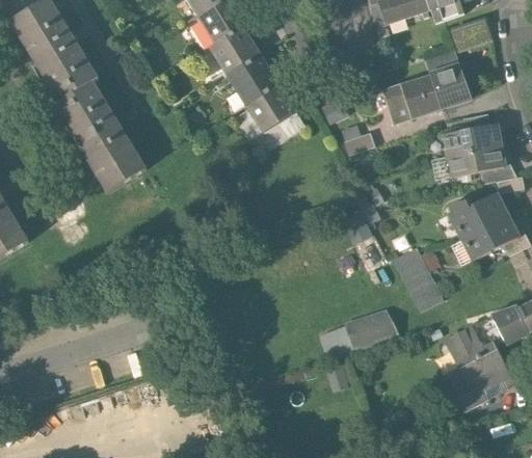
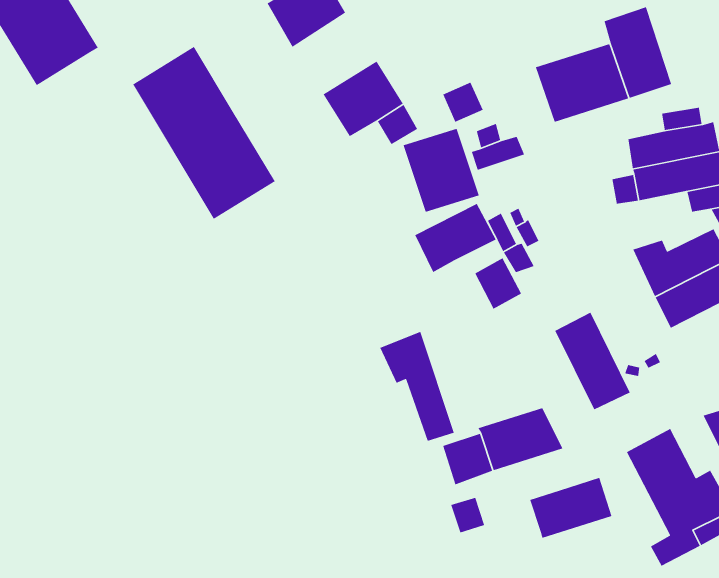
building: [223,52,278,105] -> none
building: [52,78,145,191] -> [132,46,276,220]
building: none -> [402,128,480,213]
building: none -> [414,203,497,273]
building: none -> [379,331,455,442]
building: none -> [529,477,613,539]

